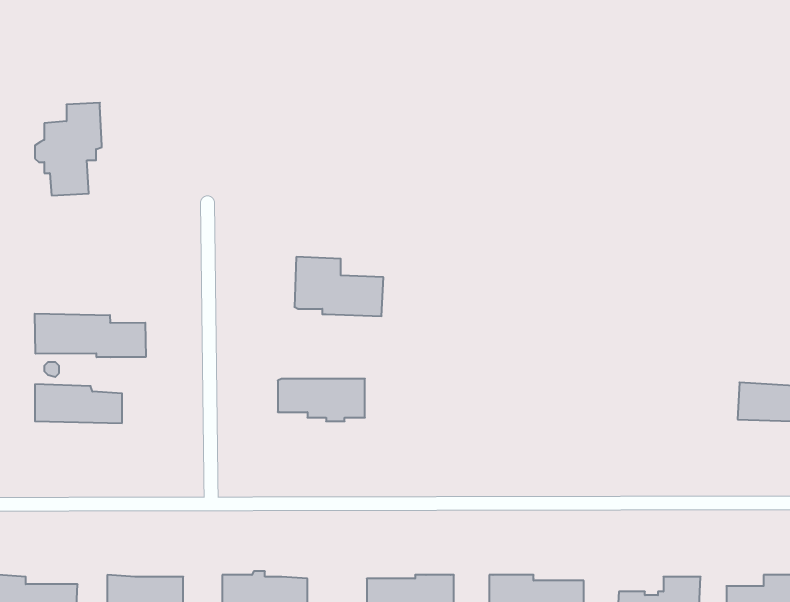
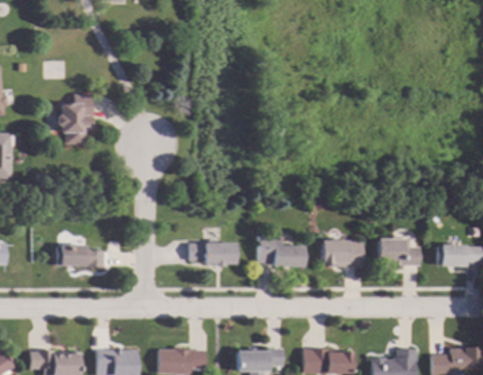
building: [294,257,383,316] -> [256,235,304,267]
building: [35,314,146,357] -> none
building: none -> [377,239,419,266]
building: none -> [321,240,363,267]

